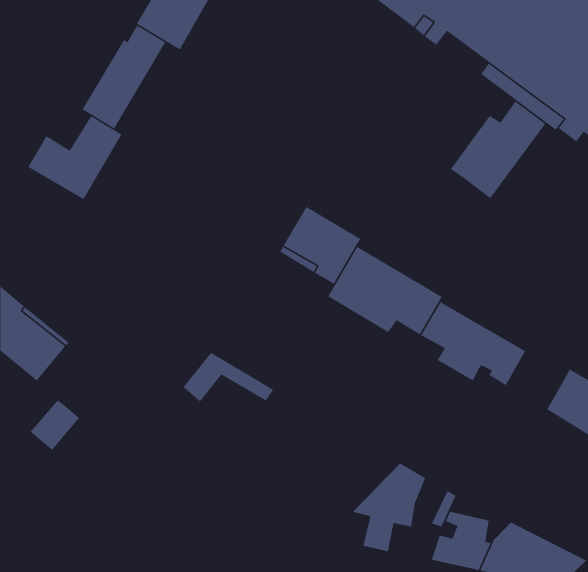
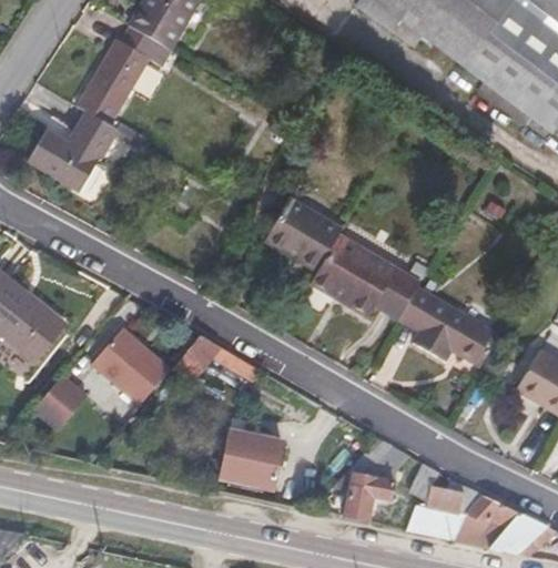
building: [450,101,546,199] -> none
building: none -> [92,328,171,406]
building: none -> [221,432,282,488]

